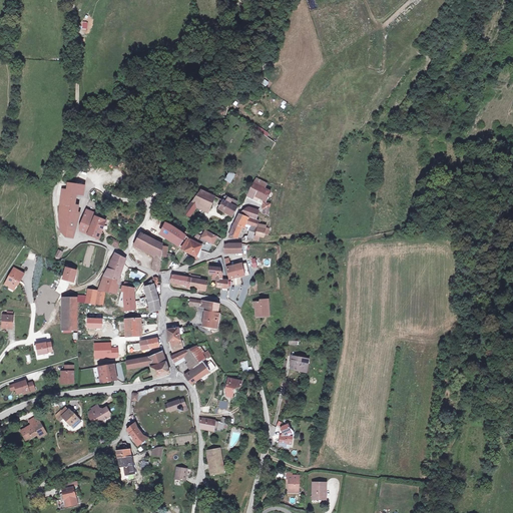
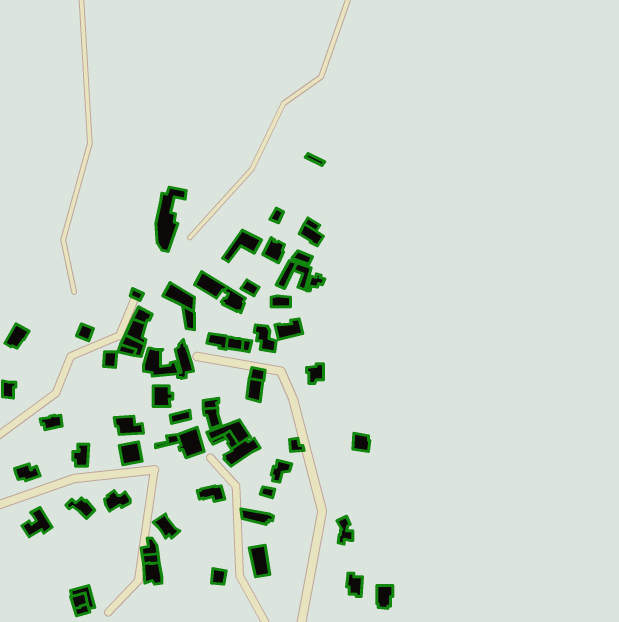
building: [61,182,86,235] -> [156,187,186,252]
building: [80,209,105,237] -> none
building: [60,299,75,331] -> none

